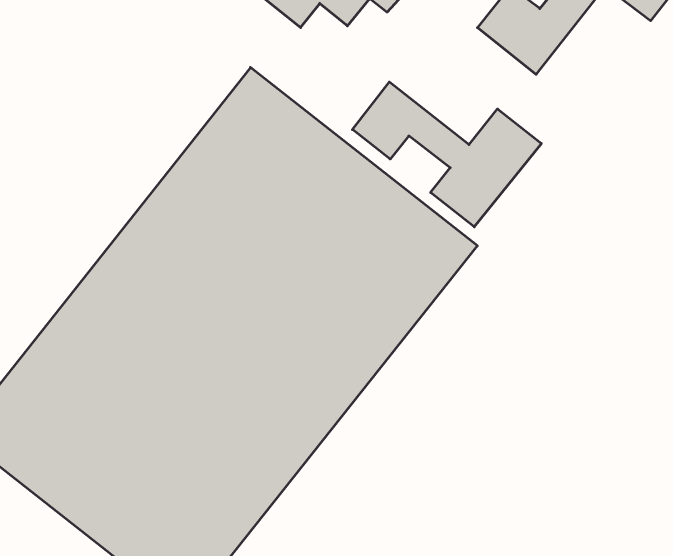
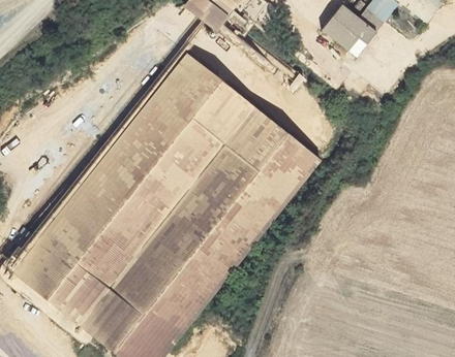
building: [352,82,541,227] -> none

